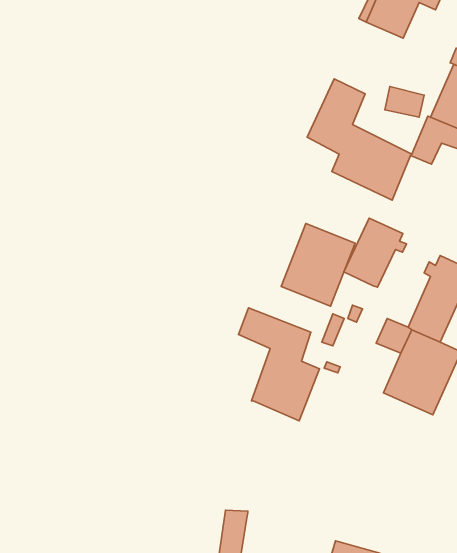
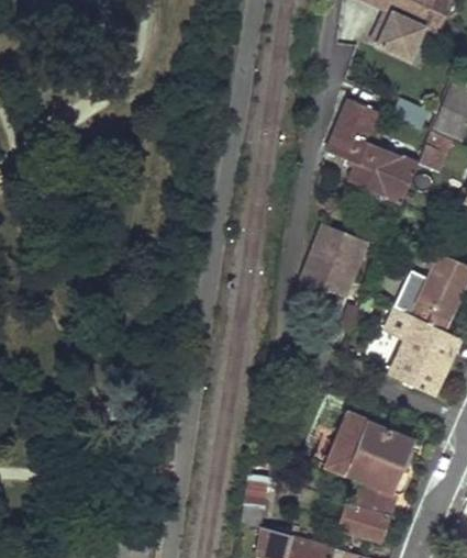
building: [344,218,407,287] -> none
building: [238,308,320,421] -> none
building: none -> [327,415,413,512]

